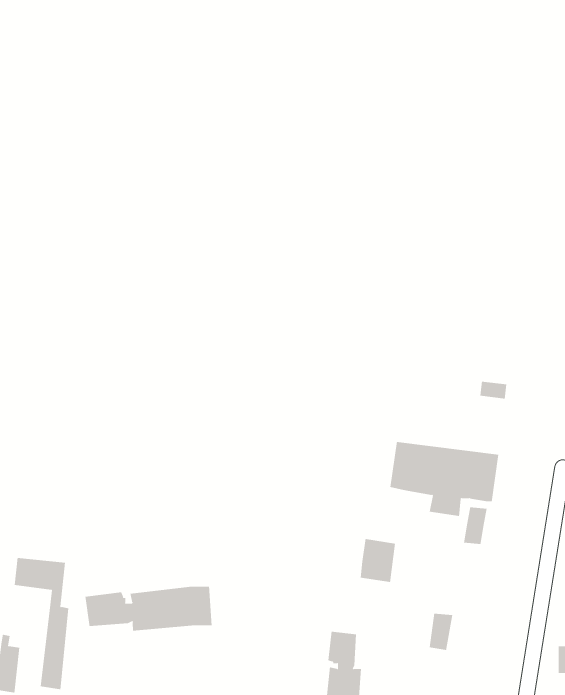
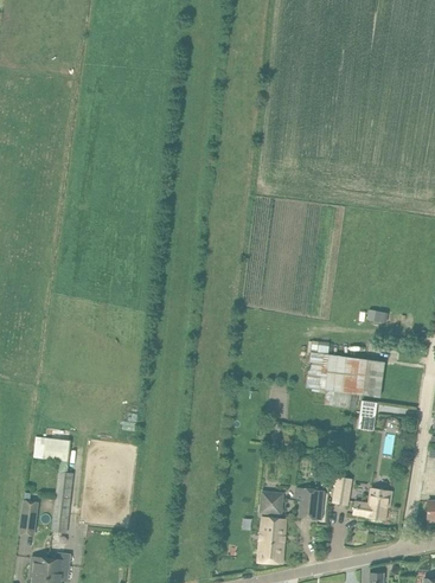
building: [360,538,396,583] -> [300,487,326,519]
building: [85,586,212,631] -> none
building: none -> [354,487,392,519]

